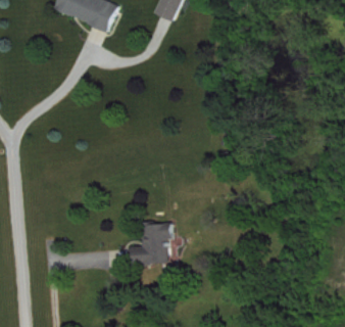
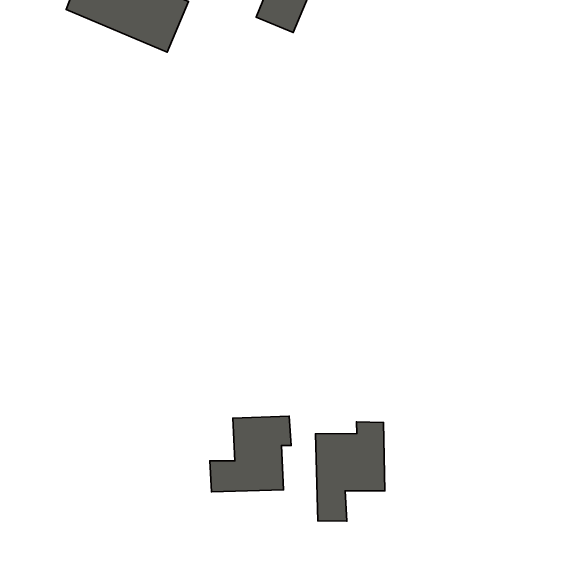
building: none -> [315,422,385,521]

